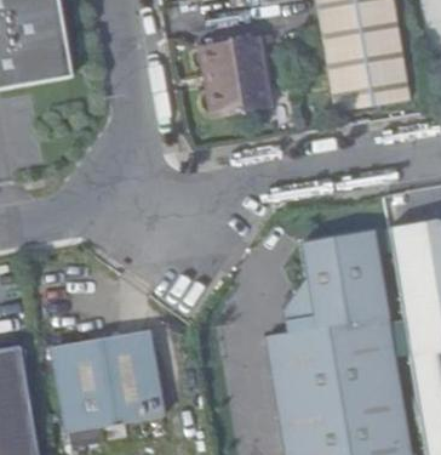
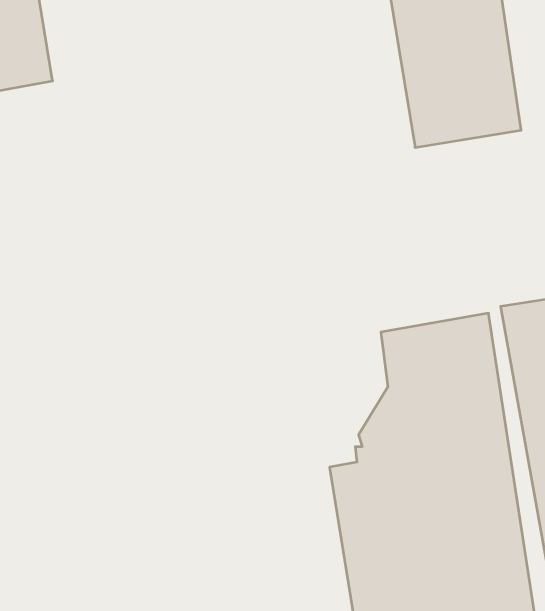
building: [193,34,269,112] -> none
building: [50,330,164,432] -> none

